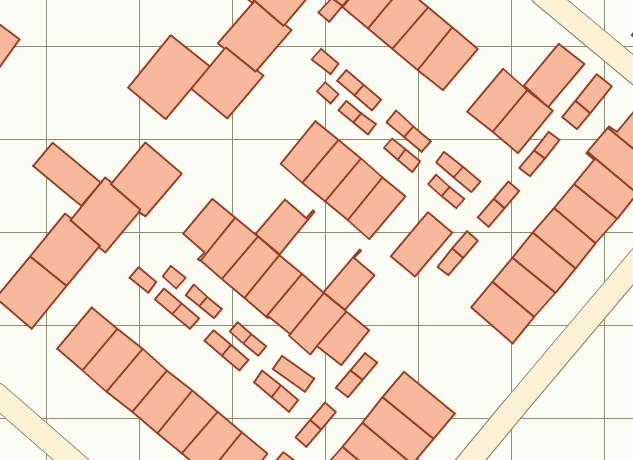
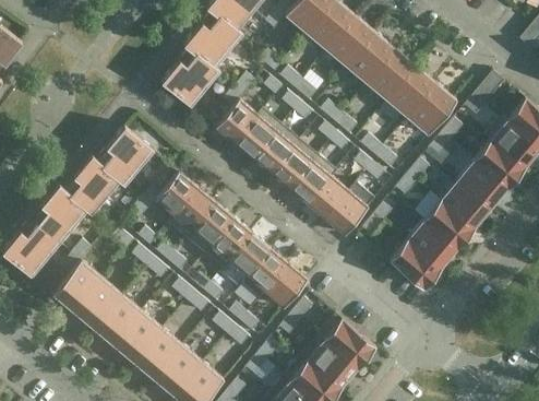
building: [128,35,210,119] -> none
building: [524,44,584,107] -> [367,49,416,101]
building: [33,143,101,206] -> none
building: [256,199,314,254] -> [215,98,263,143]
building: [324,250,374,310] -> [307,169,348,219]

